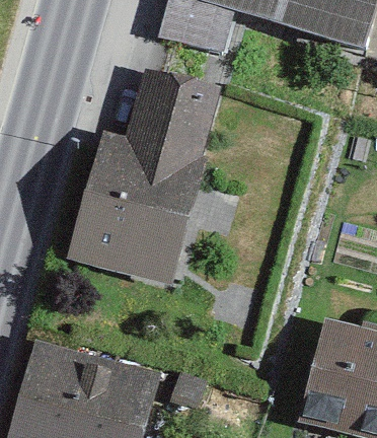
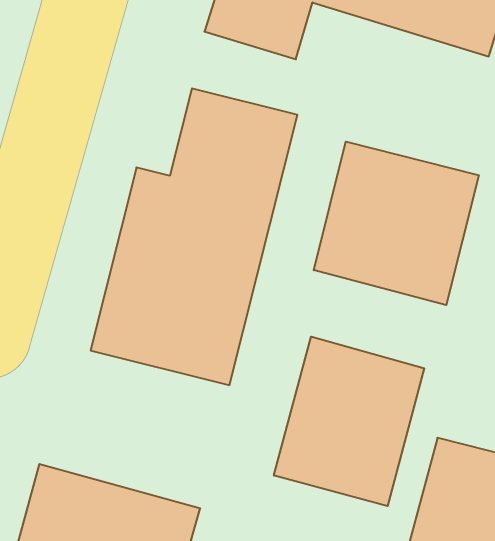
building: none -> [314,142,479,305]
building: none -> [274,337,424,506]

